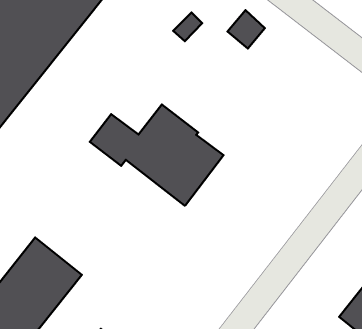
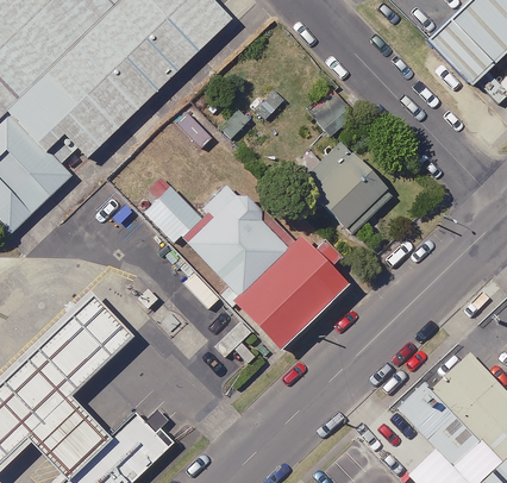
building: none -> [314,139,403,230]
building: none -> [243,238,358,351]

